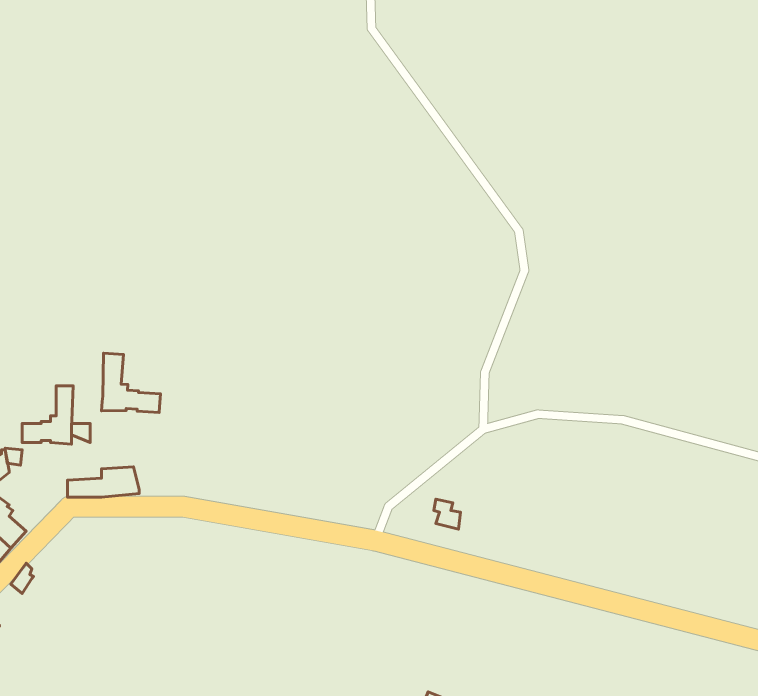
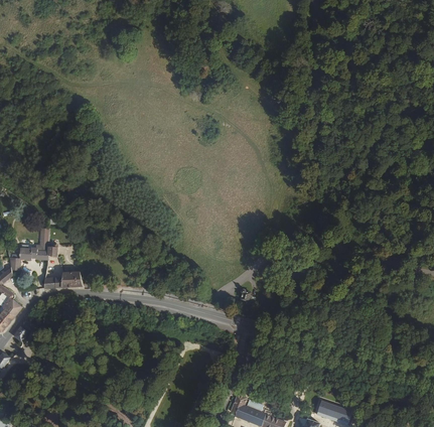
building: [102,353,160,412] -> none

